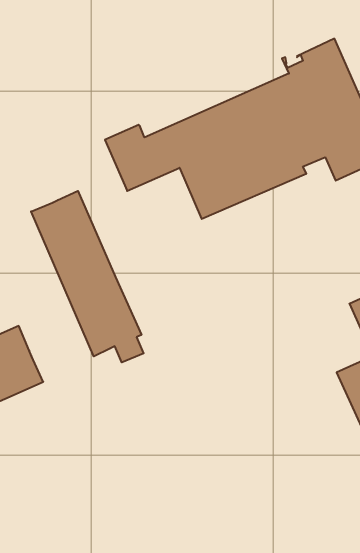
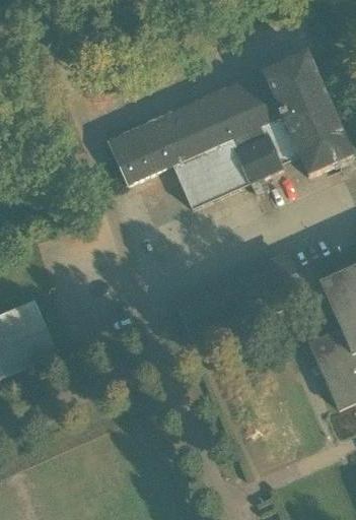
building: [31,191,144,362] -> none

